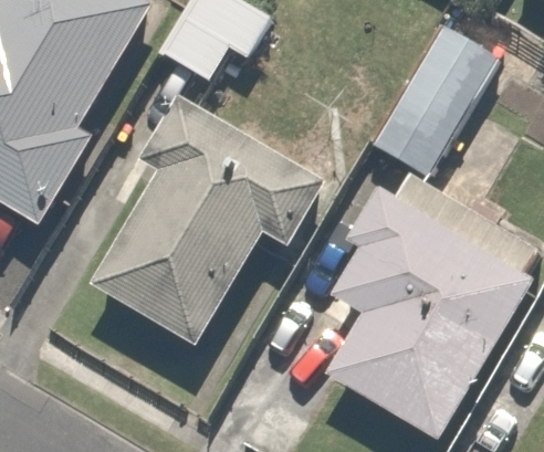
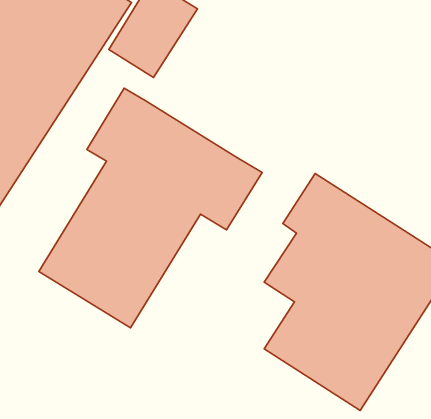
building: [369,15,499,172] -> none

